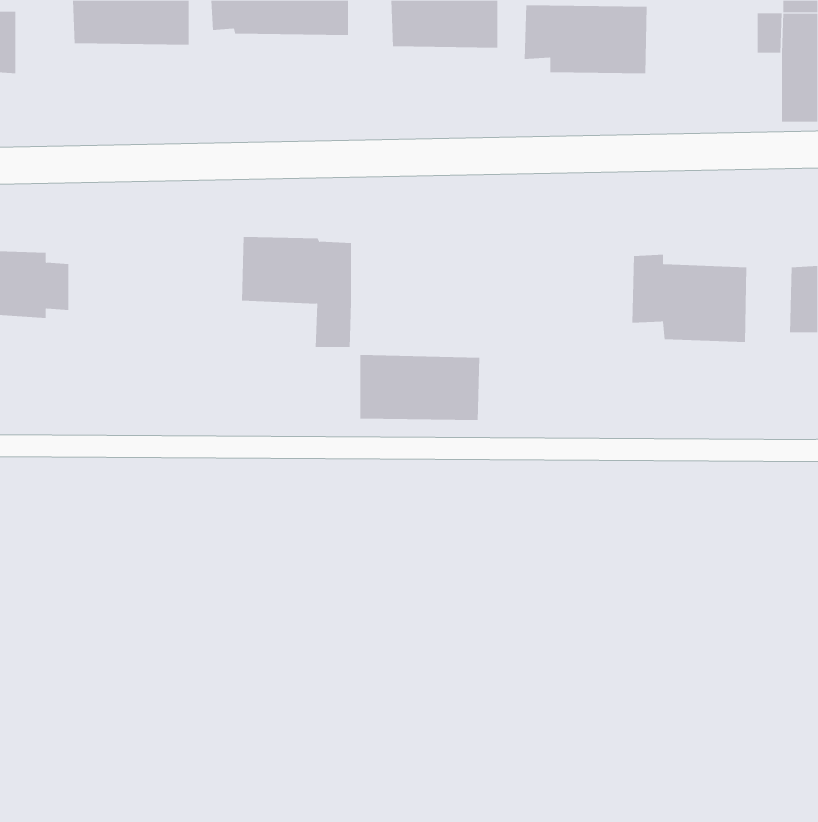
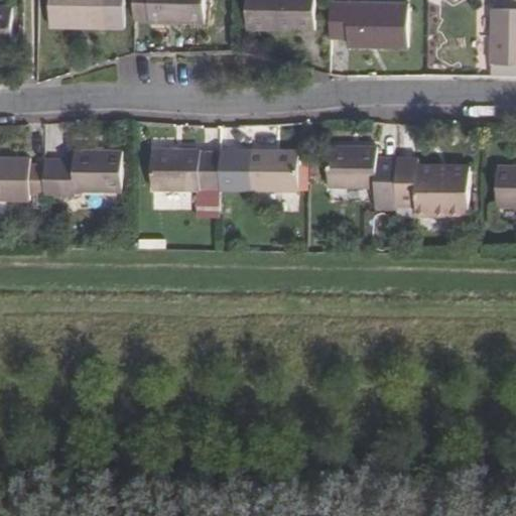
building: none -> [329,146,397,211]
building: none -> [43,149,121,204]
building: [360,354,480,420] -> [221,149,296,190]

